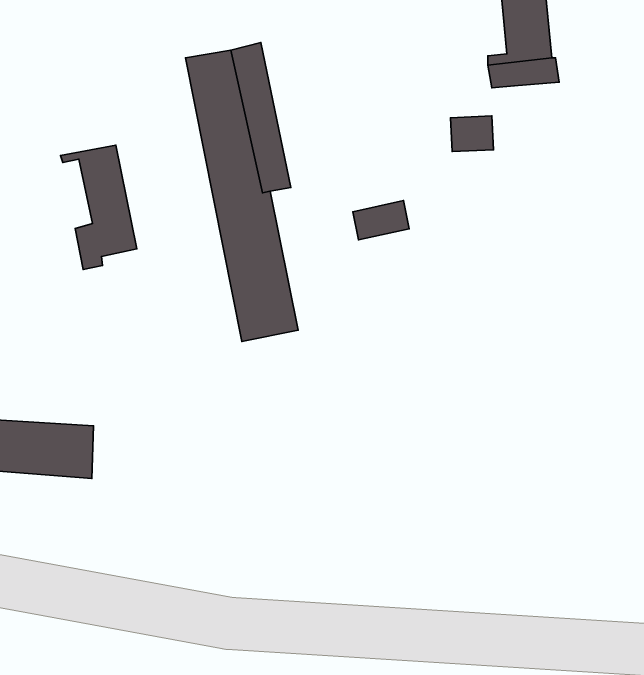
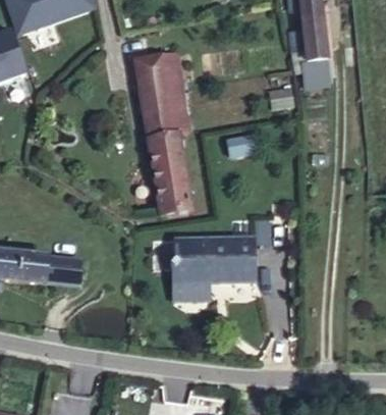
building: [60,145,137,270] -> none
building: none -> [175,241,254,303]

